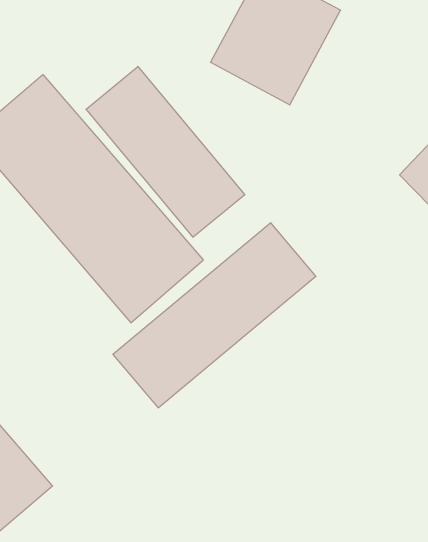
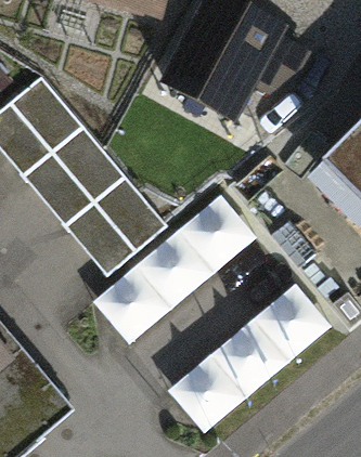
building: [86,66,245,237] -> none
building: none -> [172,284,332,431]

